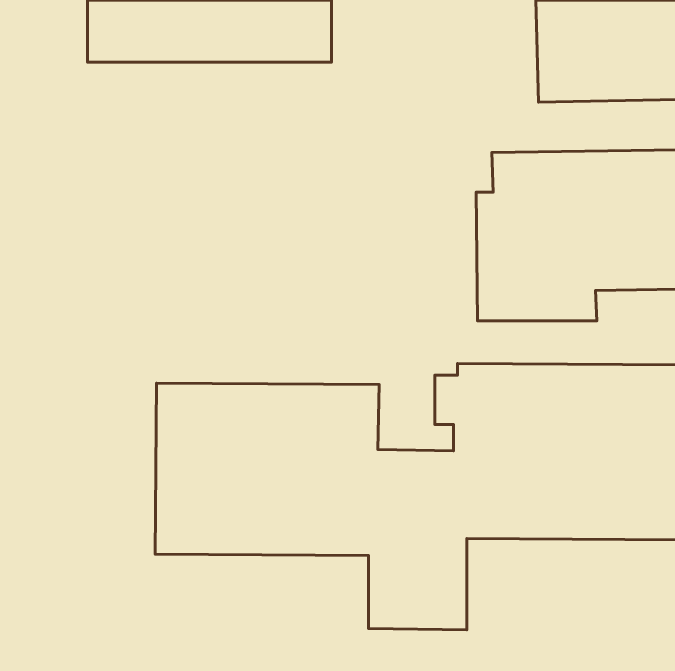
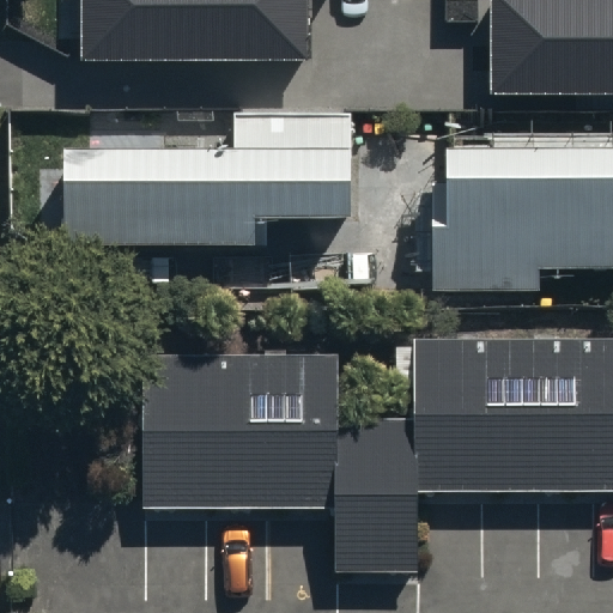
building: none -> [65,117,351,243]

